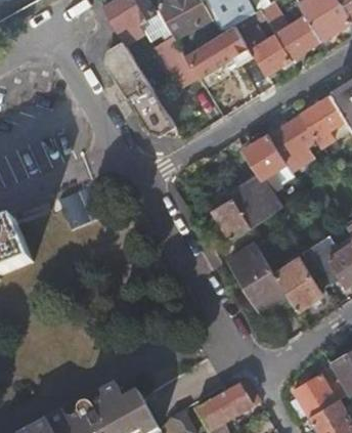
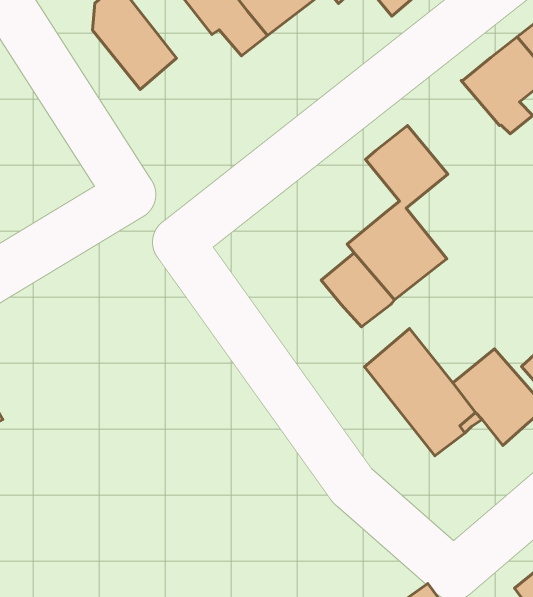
building: [127,83,175,135] -> none
building: [267,114,316,171] -> none

